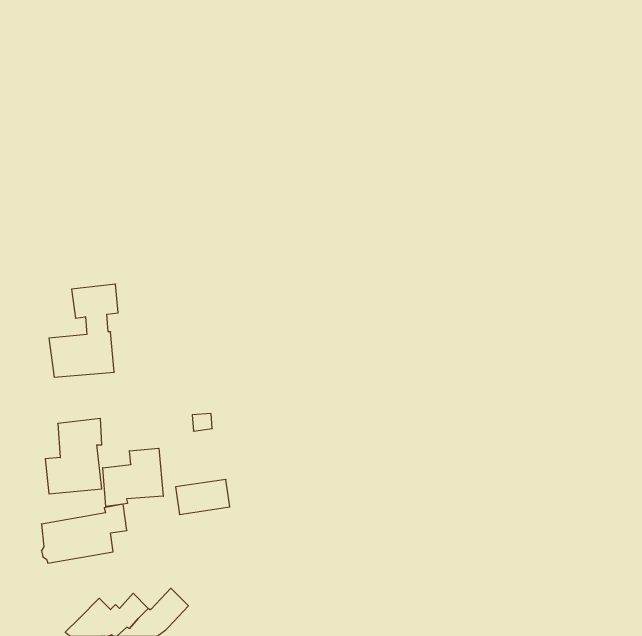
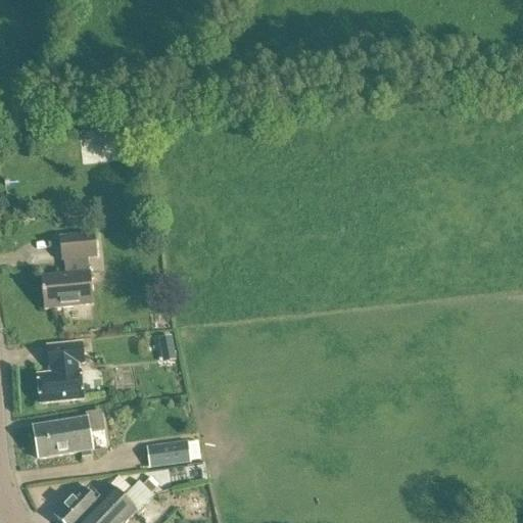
building: [103,448,163,507] -> none
building: [176,479,230,515] -> [146,438,190,467]

